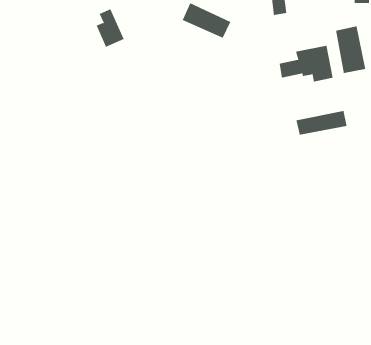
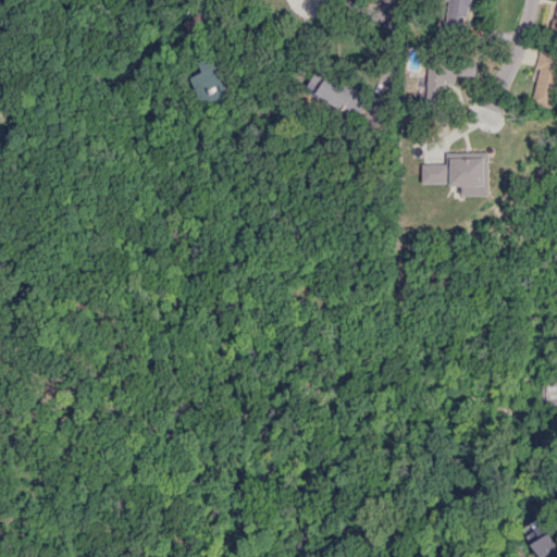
building: [335,26,366,74] -> none
building: [296,110,347,135] -> none

